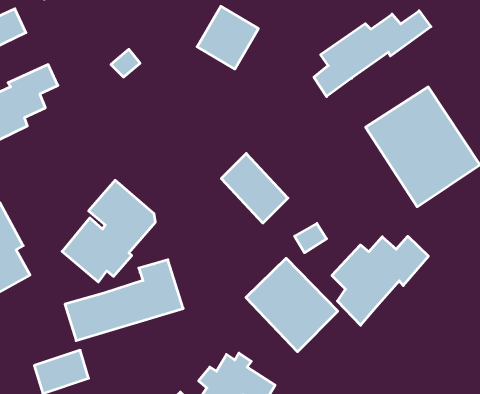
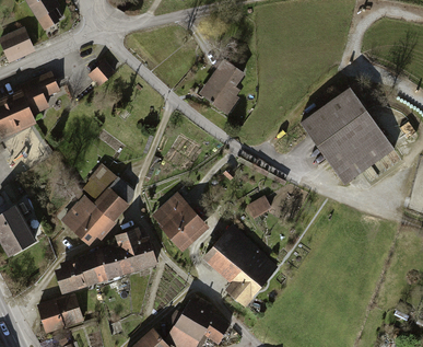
building: [197,6,258,69] -> [198,62,246,112]
building: [314,11,431,97] -> none
building: [221,153,288,223] -> [153,196,205,251]
building: [332,236,428,325] -> none

